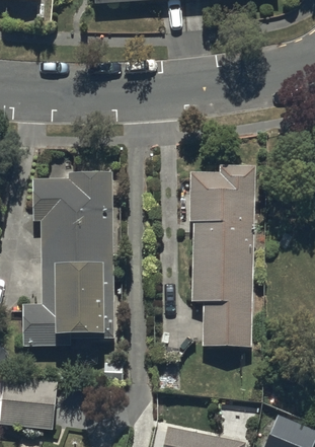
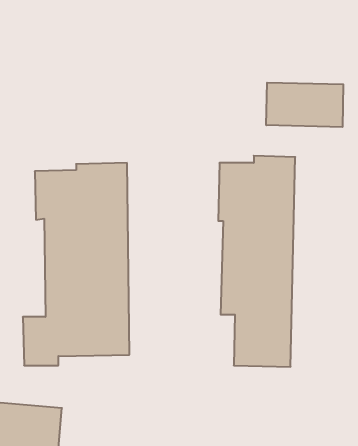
building: none -> [266,83,343,127]

